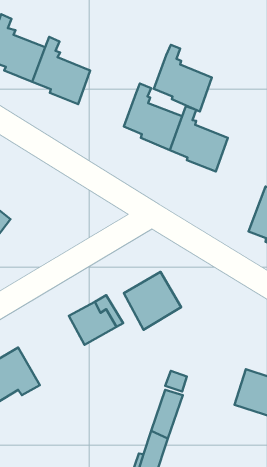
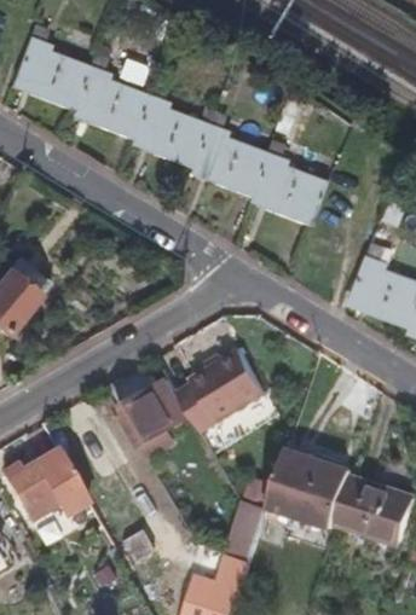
building: [154,45,212,111] -> [131,80,206,166]
building: none -> [267,453,349,529]

